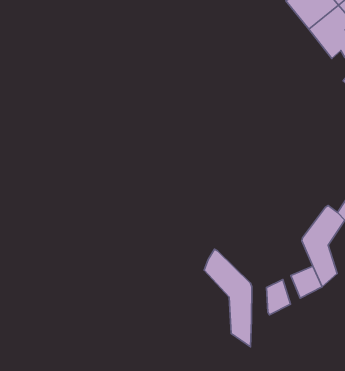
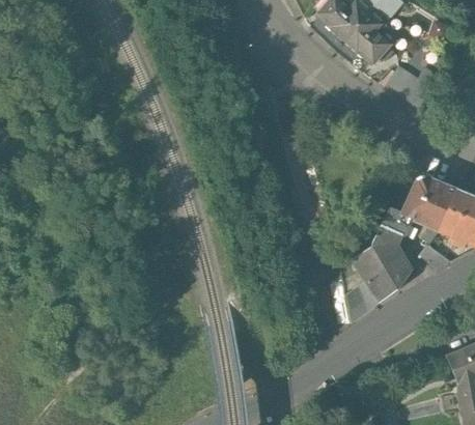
building: none -> [353,246,386,281]
building: [204,249,252,347] -> none

